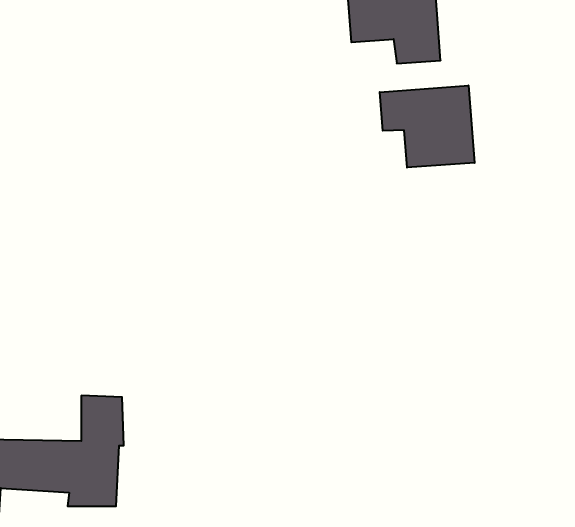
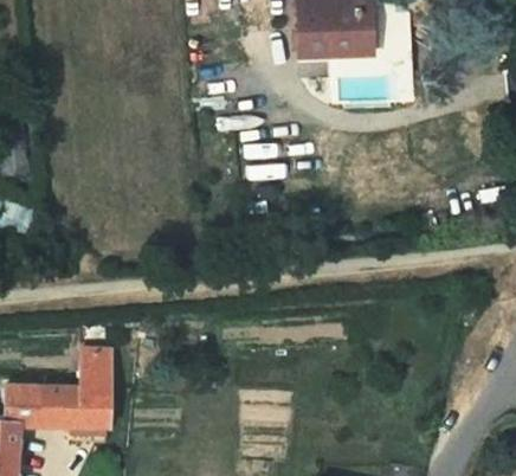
building: [380,85,475,168] -> none

